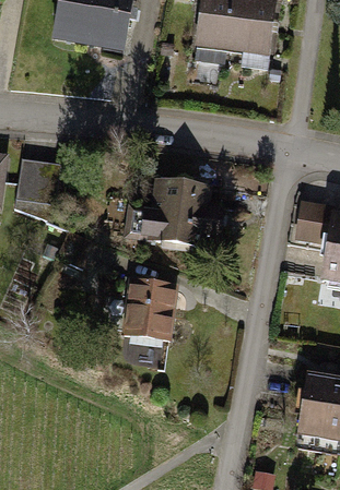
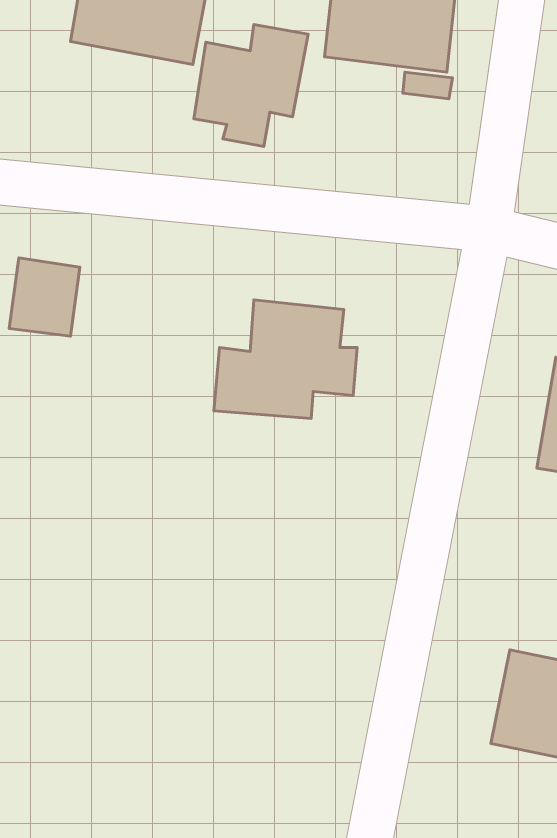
building: none -> [194,24,308,147]
building: [297,200,328,240] -> none
building: [126,282,175,337] -> none

